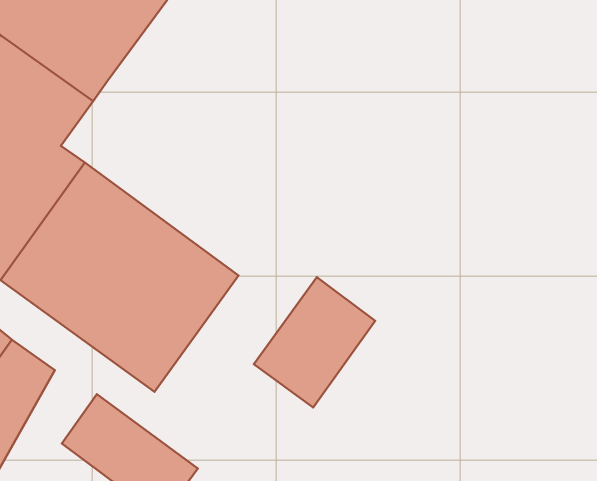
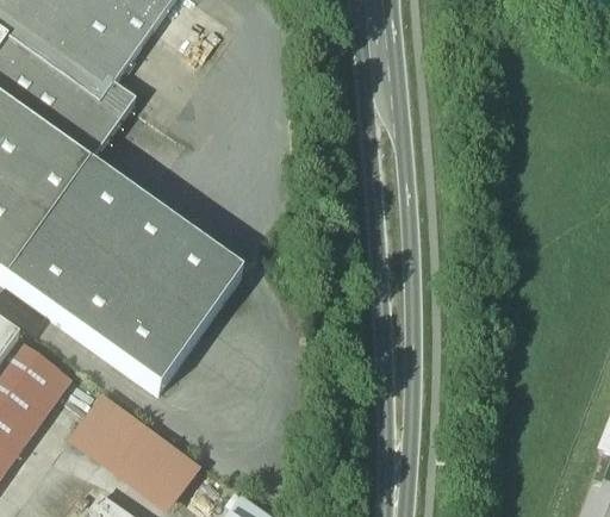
building: none -> [64,81,133,162]
building: [254,277,375,407] -> none

